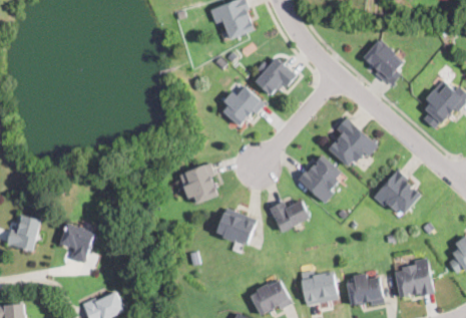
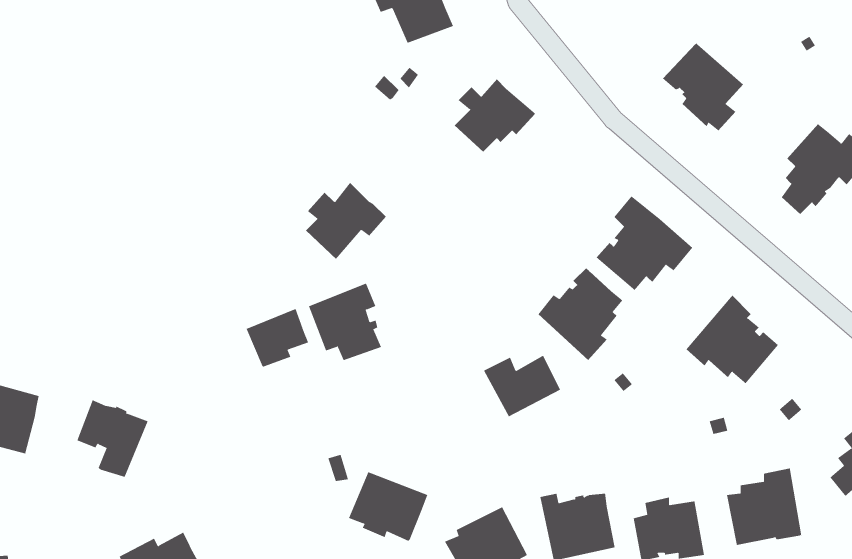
building: [221,85,264,125] -> [305,182,387,260]
building: none -> [246,308,309,368]
building: [214,208,256,244] -> [348,472,428,542]

